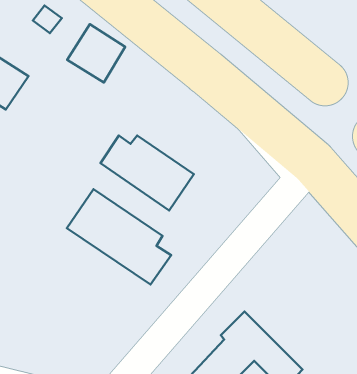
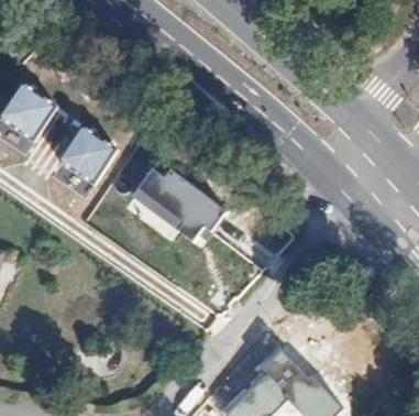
building: [67,24,125,82] -> [58,124,118,184]
building: [67,189,171,284] -> none

